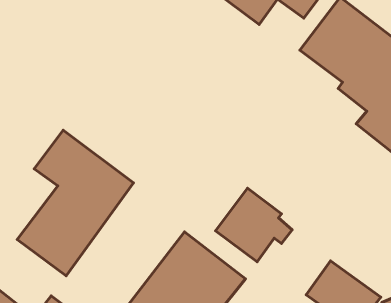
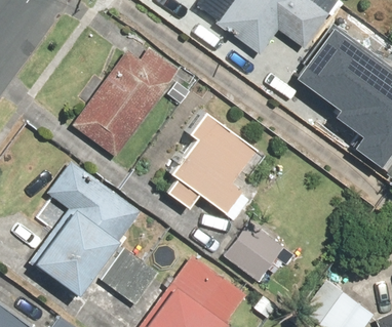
building: none -> [74,46,180,154]
building: none -> [159,108,258,218]
building: none -> [97,242,157,303]

